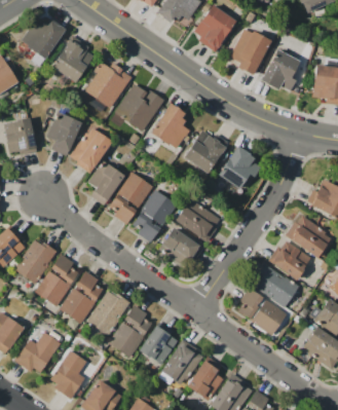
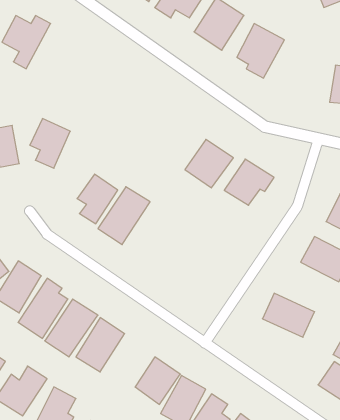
building: [50,36,96,82] -> none
building: [261,48,299,92] -> none
building: [83,62,132,108] -> none
building: [114,81,162,131] -> none
building: [150,102,189,149] -> none
building: [70,126,110,172] -> none
building: [133,189,176,243] -> none
building: [175,198,221,240] -> none
building: [158,227,199,266] -> none
building: [269,238,311,279] -> none
building: [238,287,287,335] -> none
building: [108,304,151,358] -> none

